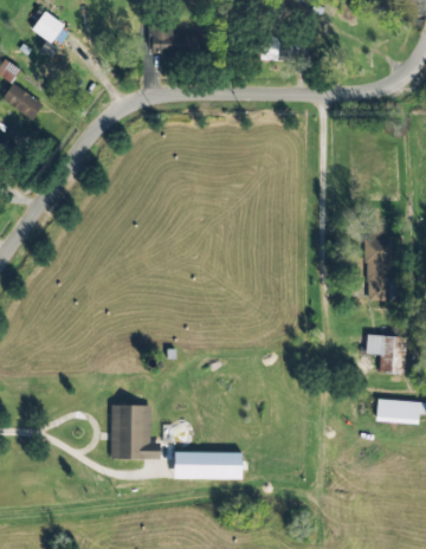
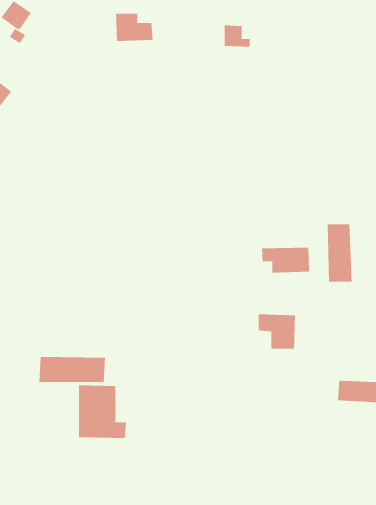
building: none -> [261,247,310,273]
building: [367,335,406,372] -> [258,314,296,349]
building: [174,451,243,478] -> [39,356,106,383]

